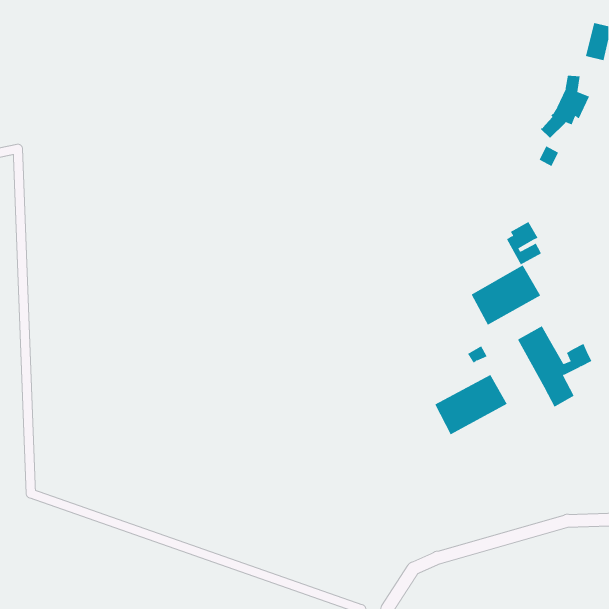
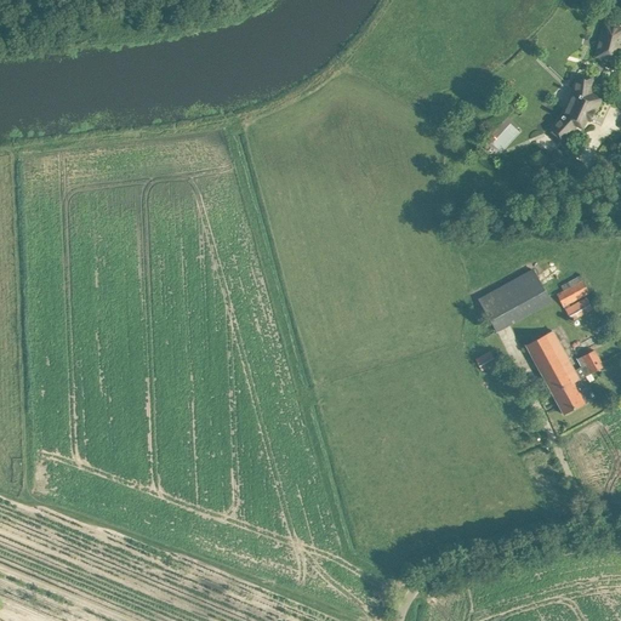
building: [506,221,542,265] -> [557,275,593,320]
building: [435,374,507,435] -> none

